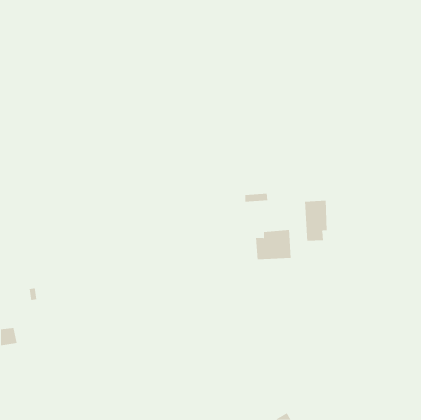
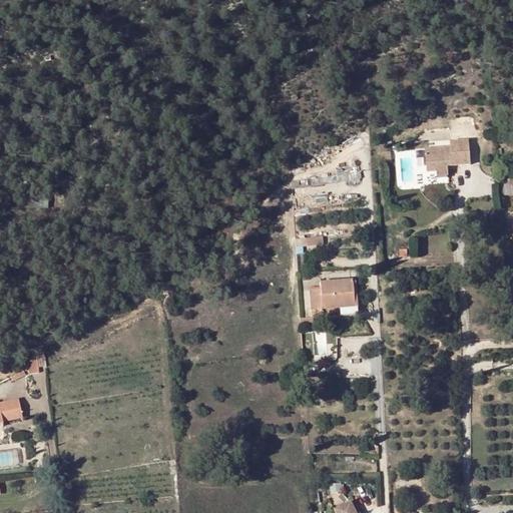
building: none -> [423,135,469,170]
building: [304,200,327,241] -> none

